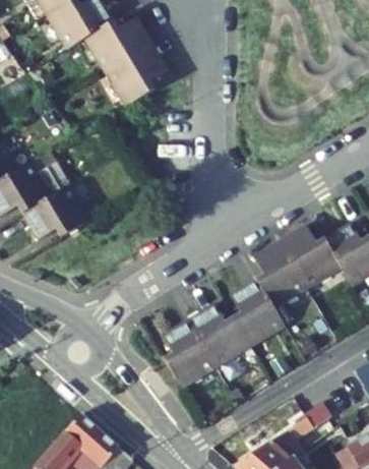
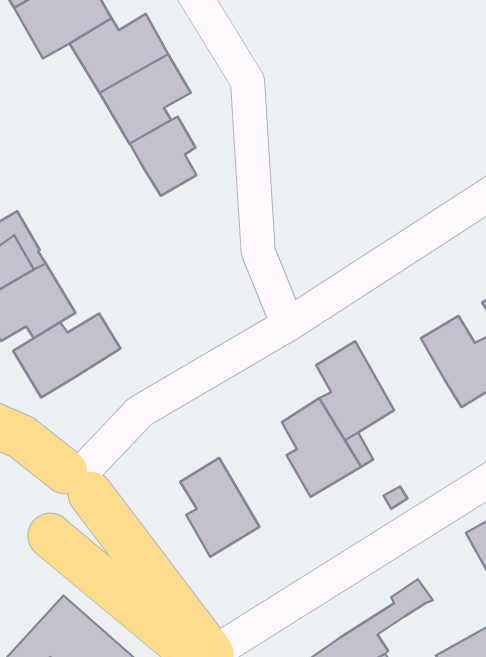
building: none -> [130,117,197,196]
building: none -> [13,314,121,398]
building: [280,226,341,288] -> none
building: [187,305,249,367] -> none

